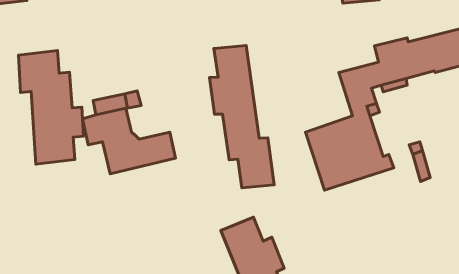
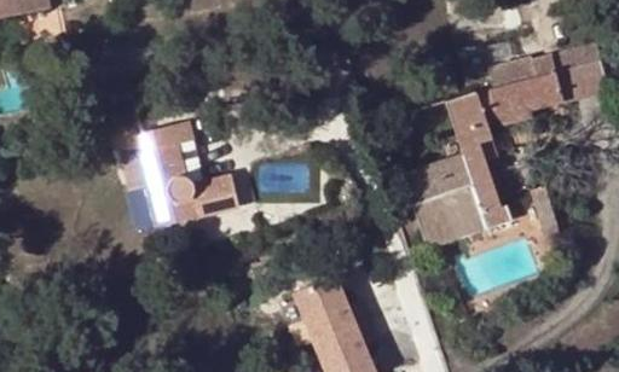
building: [209,46,274,188] -> none
building: [18,51,84,164] -> none

